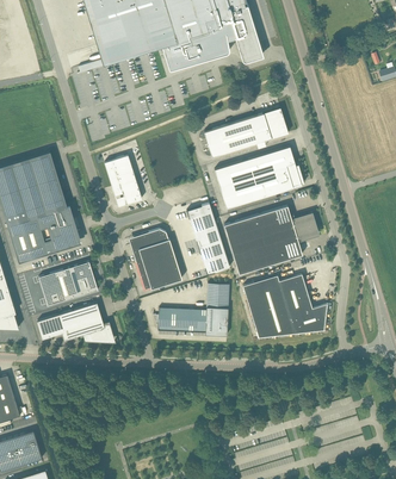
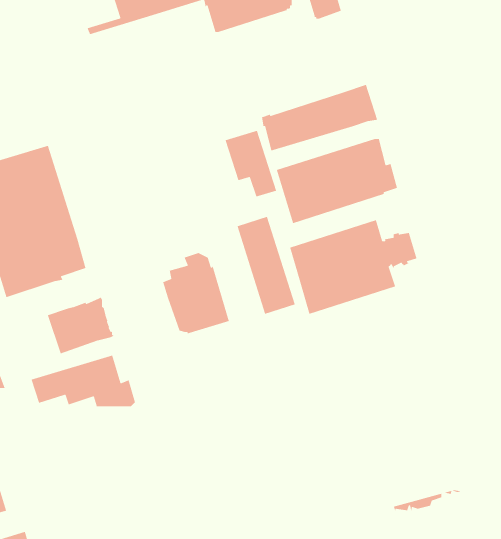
building: [104,155,142,204] -> [225,130,277,198]
building: [242,274,327,337] -> none
building: [157,282,229,335] -> none

